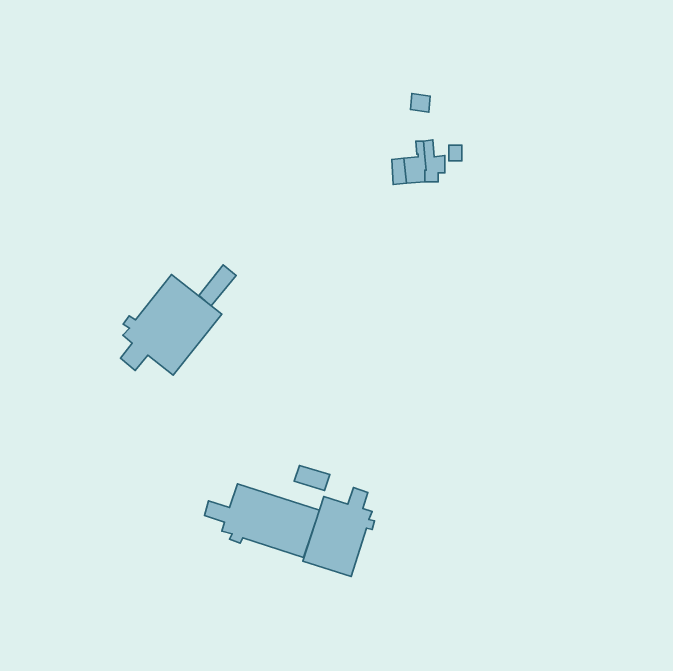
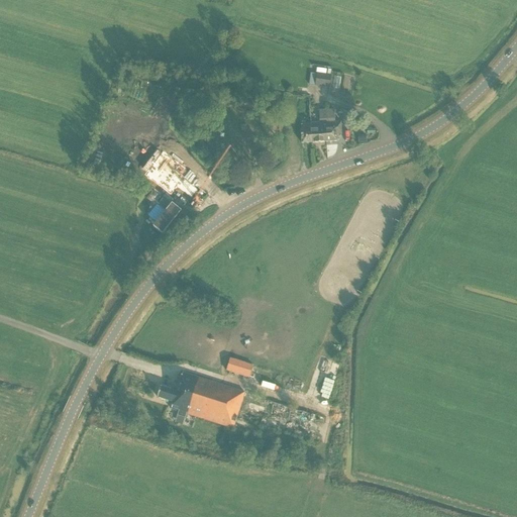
building: [121,274,222,375] -> none
building: [303,487,375,576] -> none

